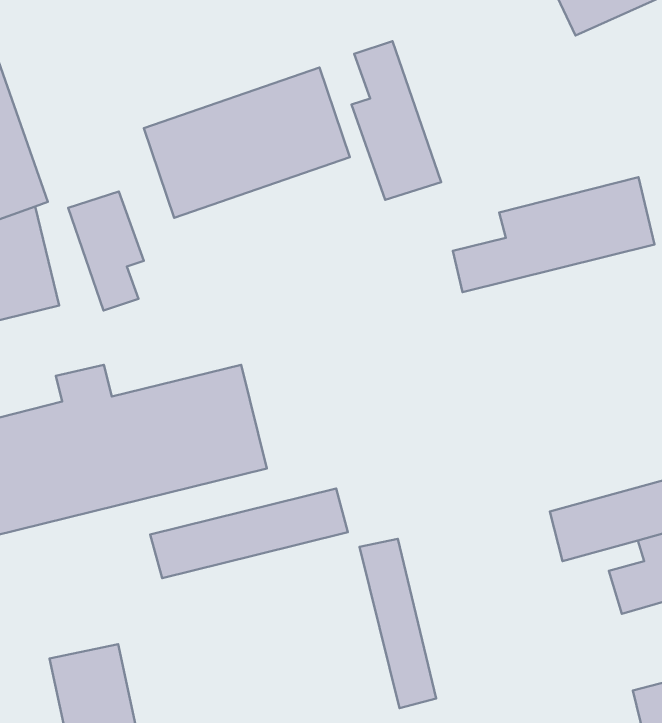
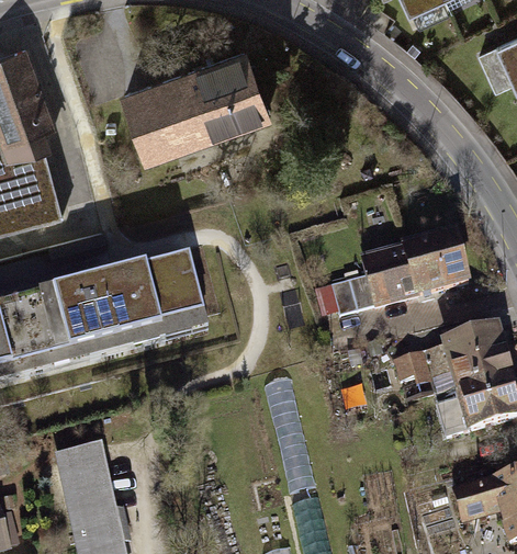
building: [351,41,441,200] -> none
building: [453,177,654,292] -> [327,236,465,315]
building: [68,191,144,311] -> none
building: [150,489,348,578] -> none

